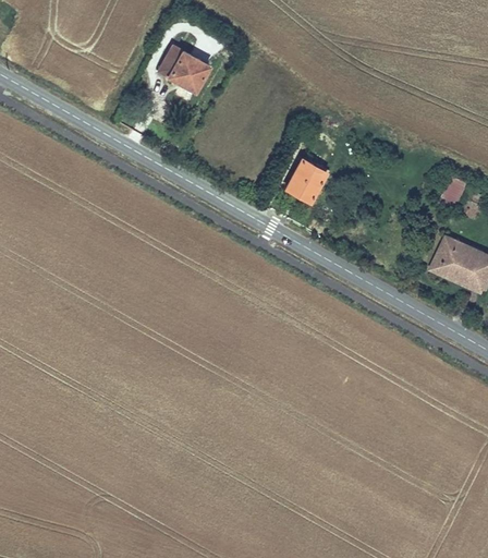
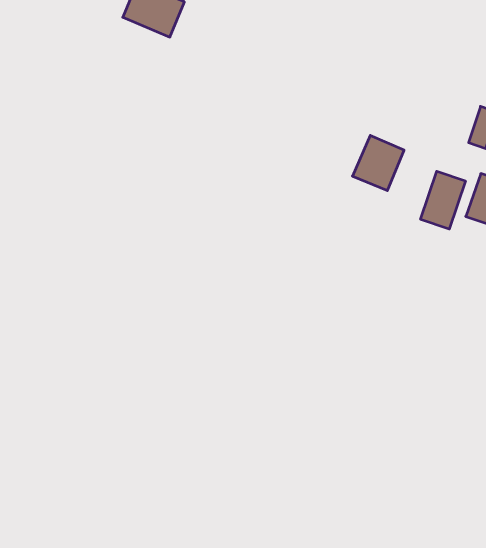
building: [282,157,328,205] -> [352,135,404,191]
building: none -> [421,171,465,229]

